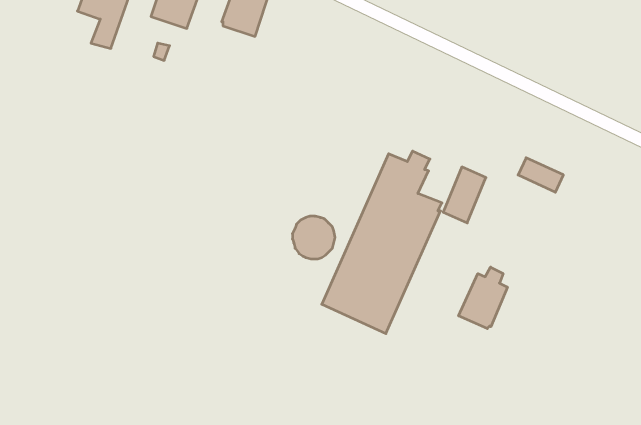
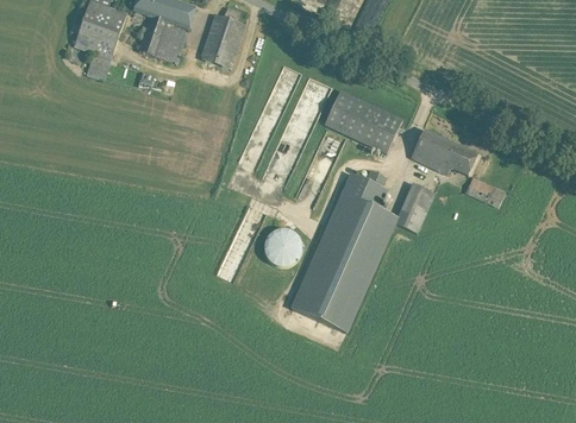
building: none -> [325,90,402,152]
building: none -> [411,130,477,176]
building: [459,267,507,329] -> none

